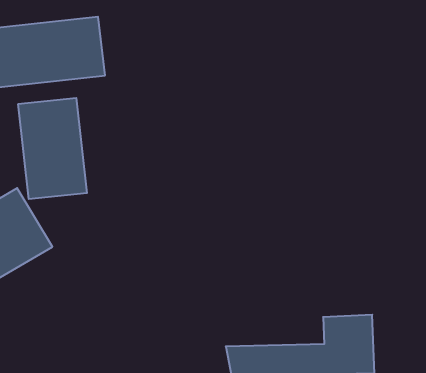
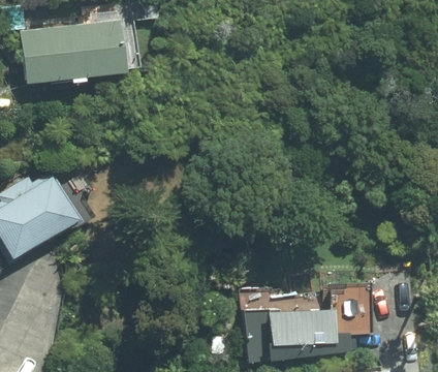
building: [18,98,87,199] -> none

